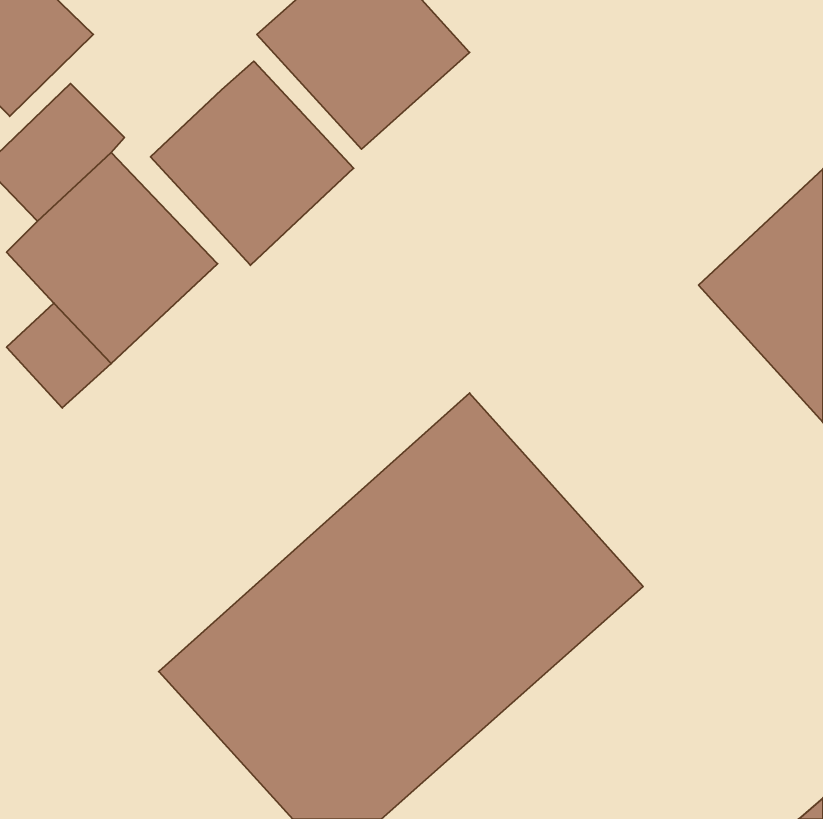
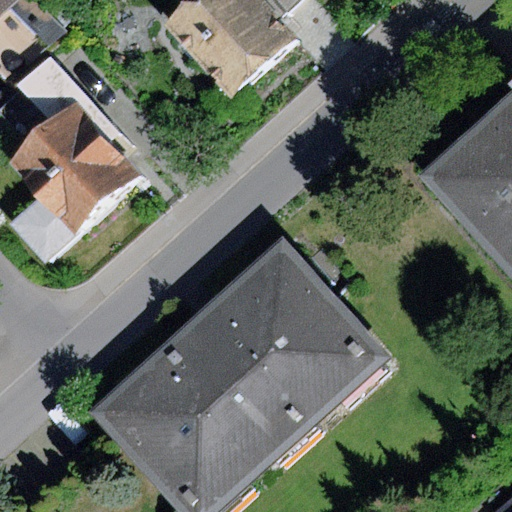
building: [151,61,354,265] -> none

